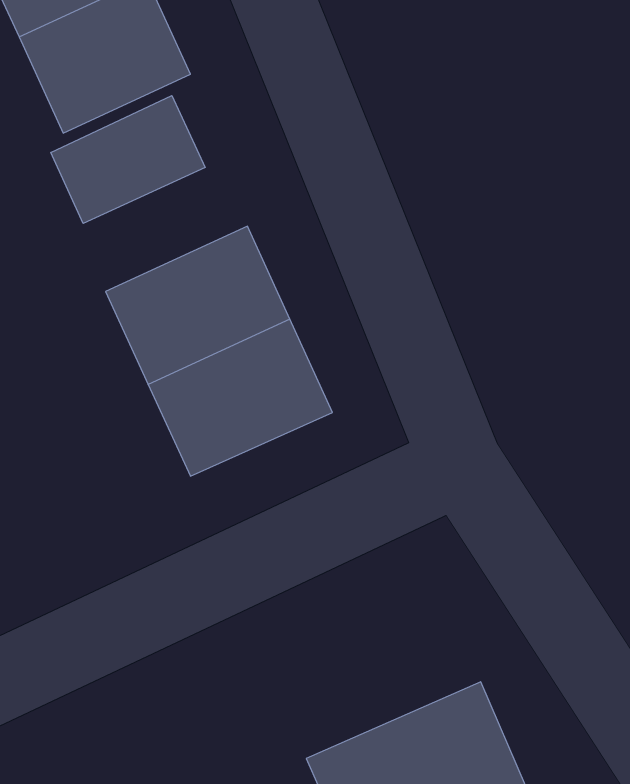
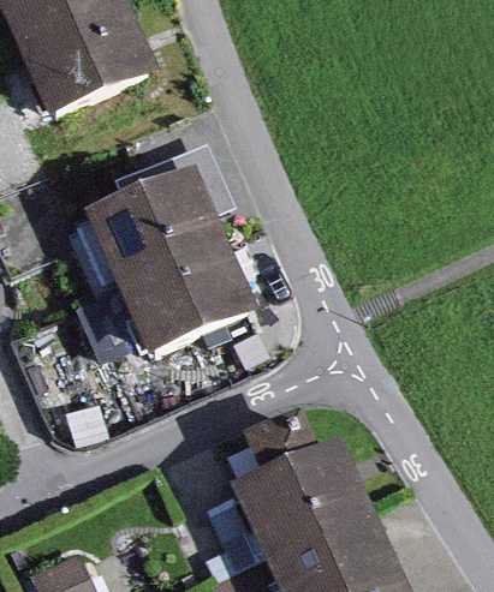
building: [51,96,205,223] -> none
building: none -> [196,413,369,570]

